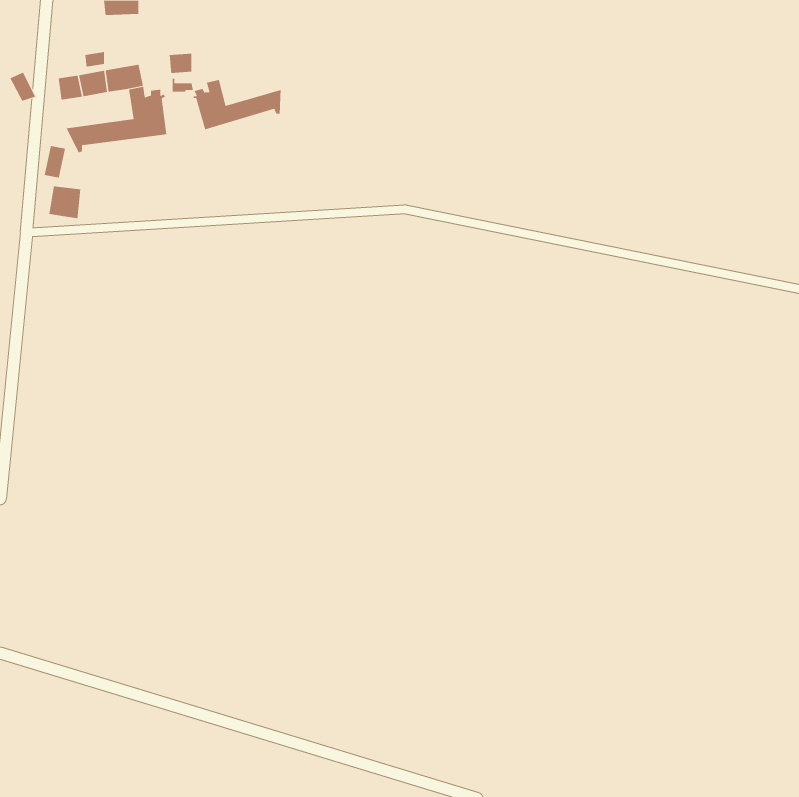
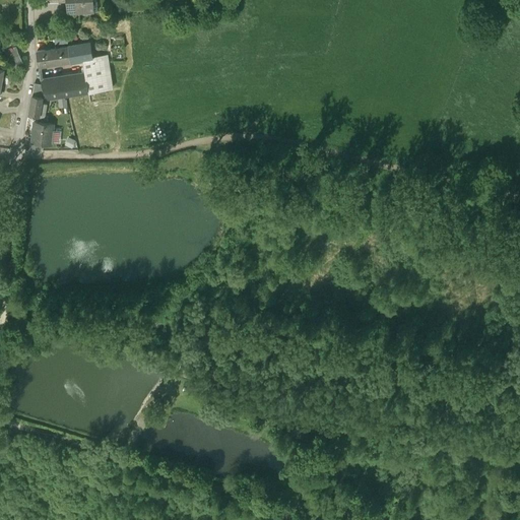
building: [193,79,281,130] -> none

